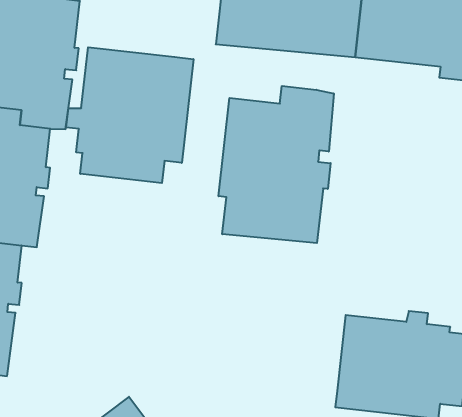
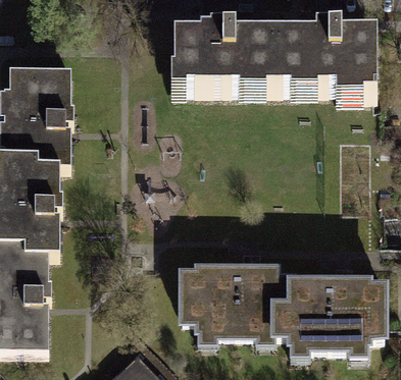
building: [66,47,193,183] -> none
building: [219,86,334,243] -> none
building: none -> [180,254,290,332]

